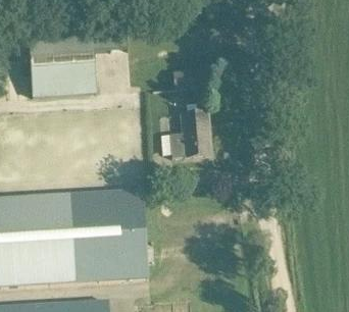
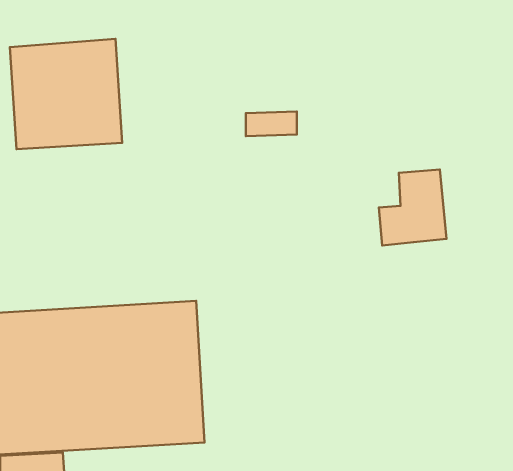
building: [170,110,212,157] -> [379,170,447,245]

